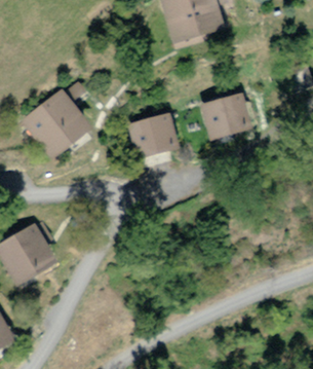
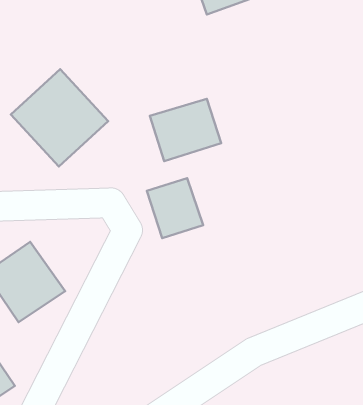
building: [202,91,256,138] -> none
building: none -> [147,178,203,238]

